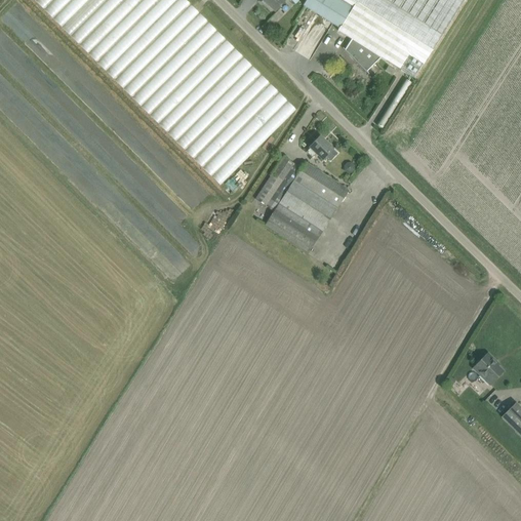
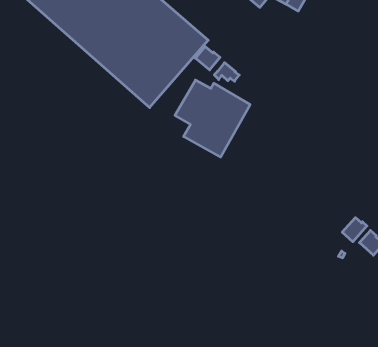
building: none -> [195,46,220,70]
building: none -> [342,218,367,242]

